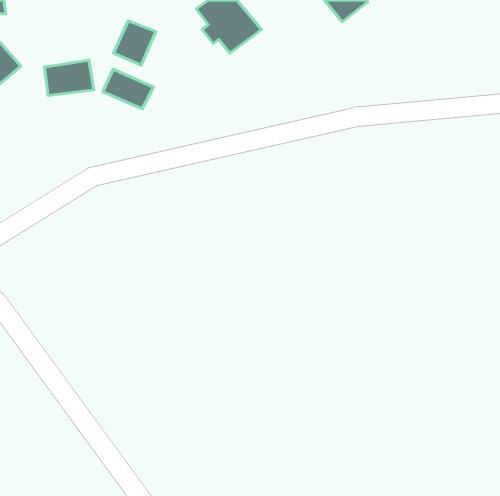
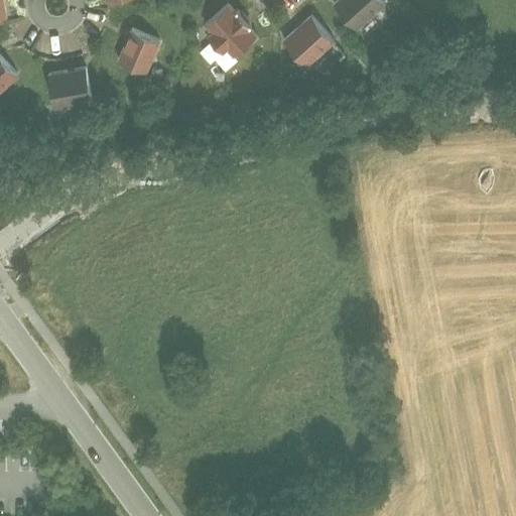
building: none -> [282,18,330,64]
building: [103,69,153,109] -> none

